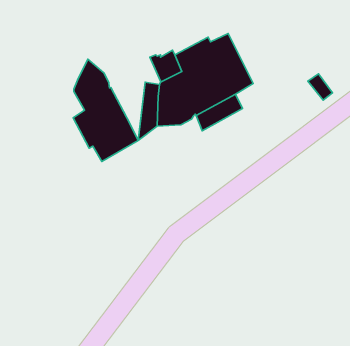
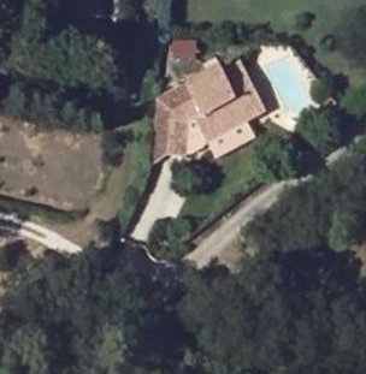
building: [73,59,138,161] -> none

